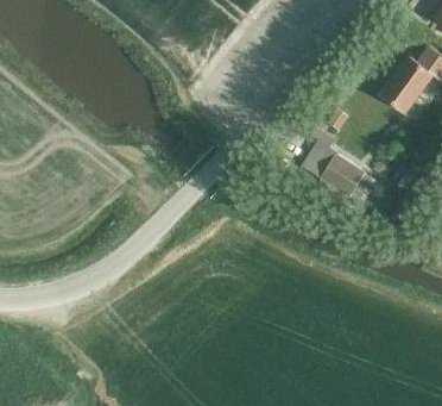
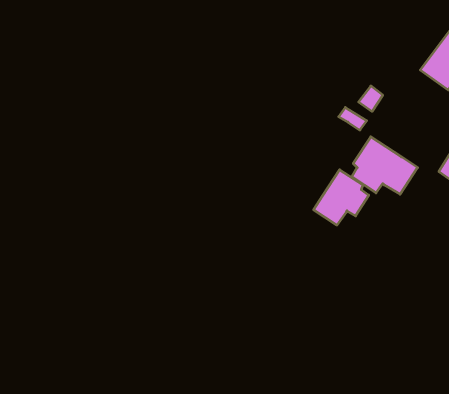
building: none -> [314,170,369,225]

